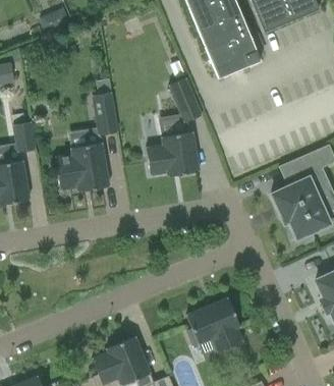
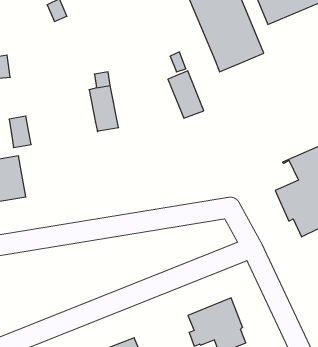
building: [146,132,199,177] -> none
building: [55,144,109,192] -> none

